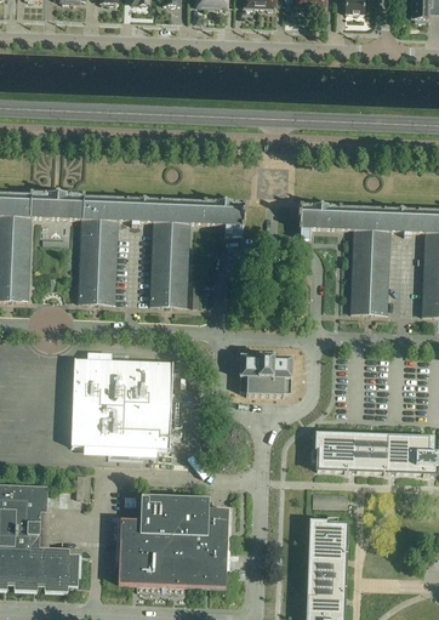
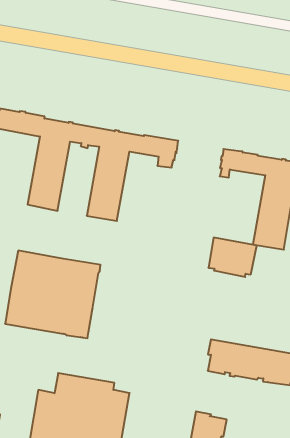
building: [239,354,292,396] -> [208,238,257,277]

